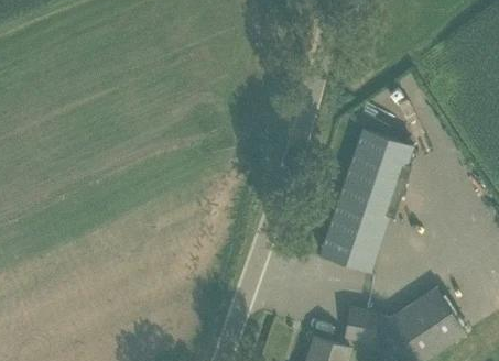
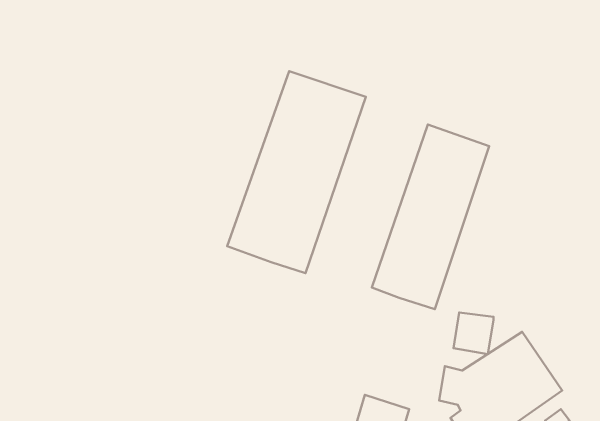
building: none -> [227,71,366,273]
building: [346,309,377,341] -> [454,313,494,354]

